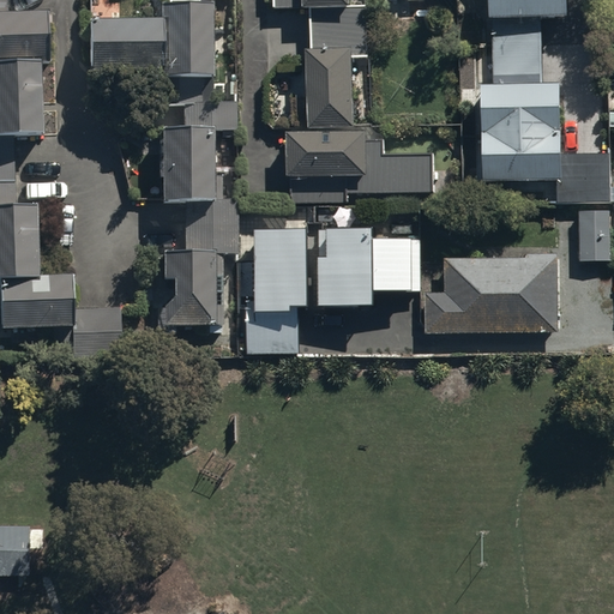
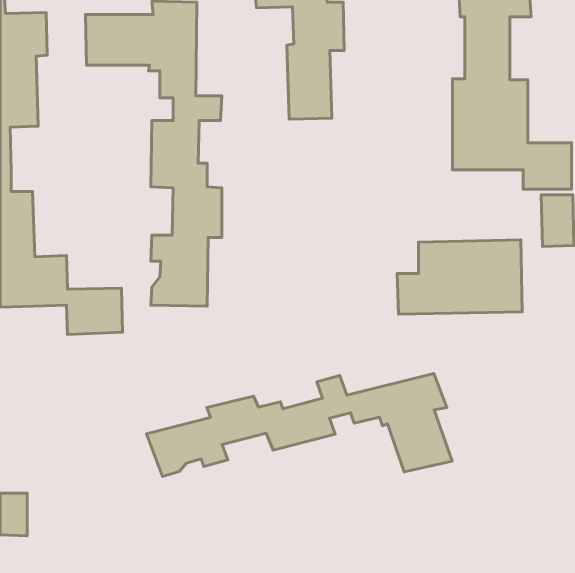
building: [287,128,428,203] -> none
building: [319,228,444,307] -> none
building: [247,229,306,351] -> none
building: none -> [147,374,452,476]

